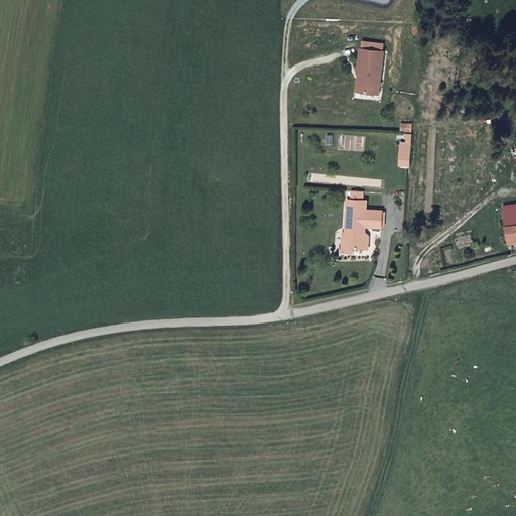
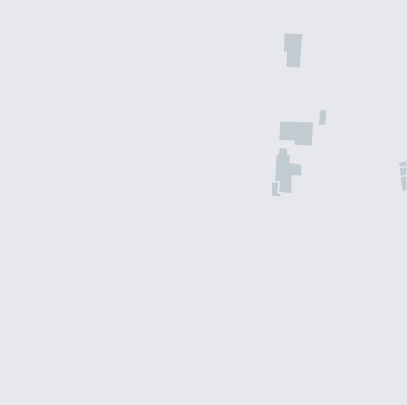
building: none -> [278,121,314,146]

